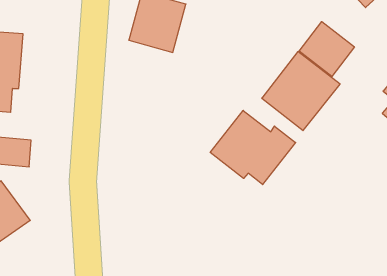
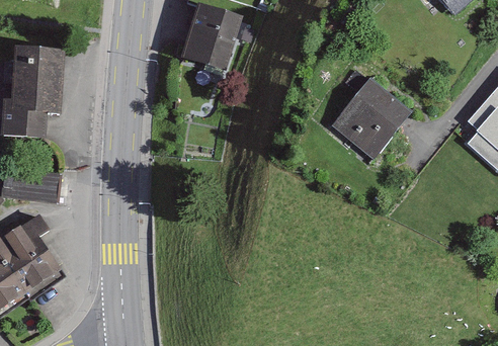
building: [299,22,354,76] -> none
building: [210,110,296,185] -> none

